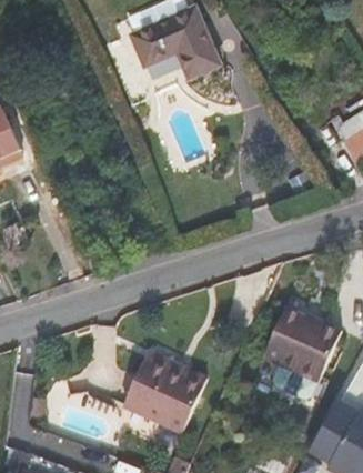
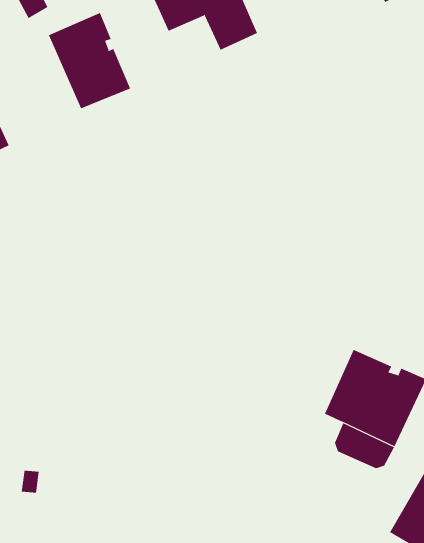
building: none -> [48,12,131,109]
building: [123,356,205,431] -> none

